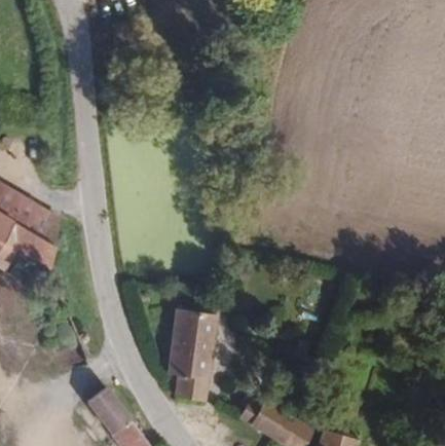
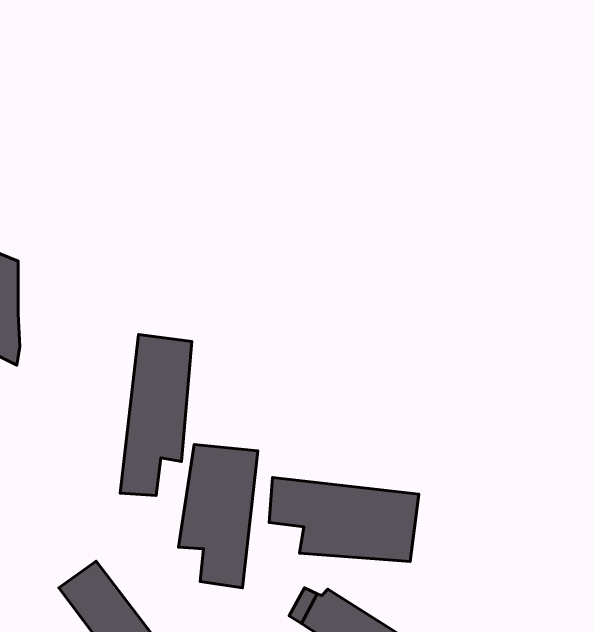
building: none -> [120,334,192,496]
building: none -> [269,478,419,561]

